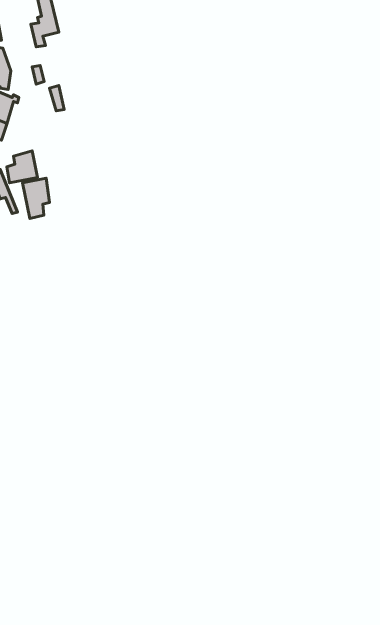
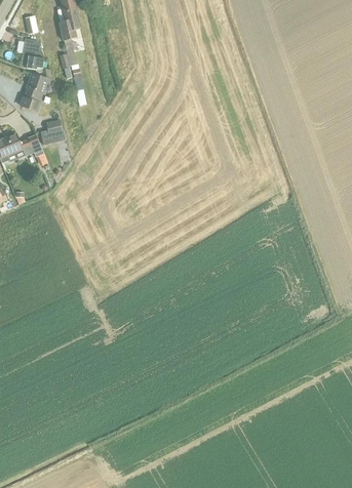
building: [23,178,50,218] -> none

